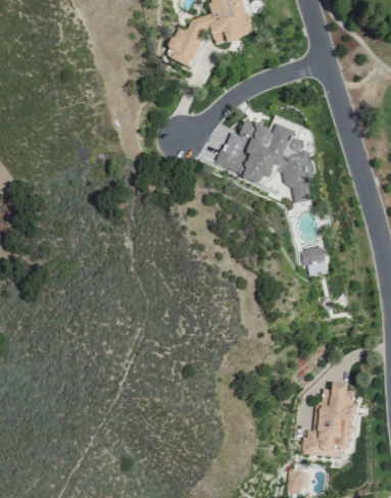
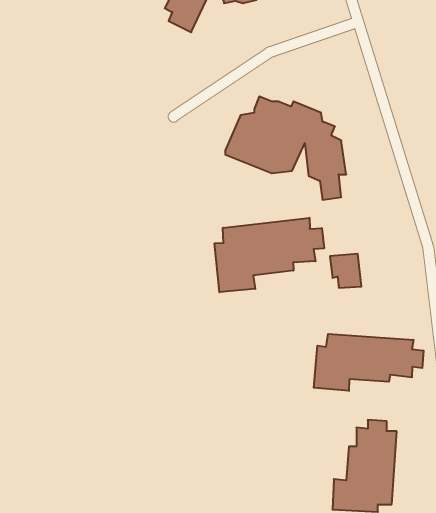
building: none -> [215,218,324,292]
building: none -> [314,334,424,391]

